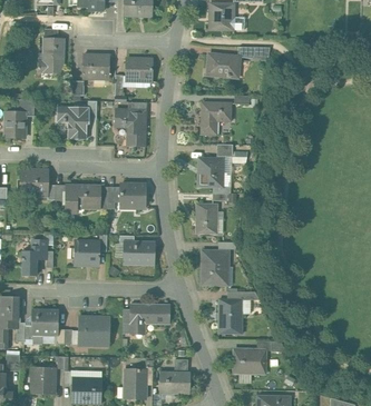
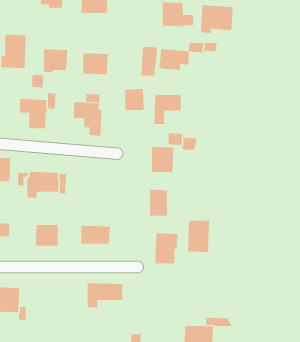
building: none -> [200,5,233,34]
building: none -> [141,46,158,77]
building: none -> [125,88,144,111]
building: [119,182,145,207] -> none
building: [217,298,242,333] -> [187,220,210,252]
building: [78,315,109,345] -> none

